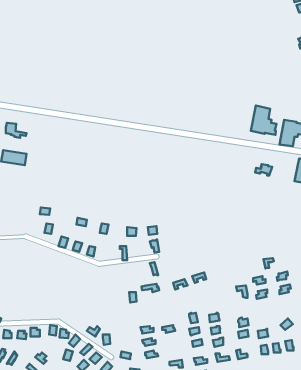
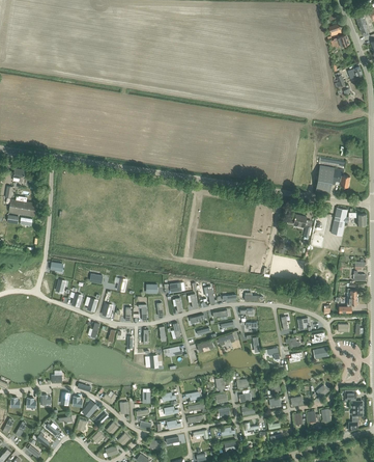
building: [251,105,277,135] -> none

